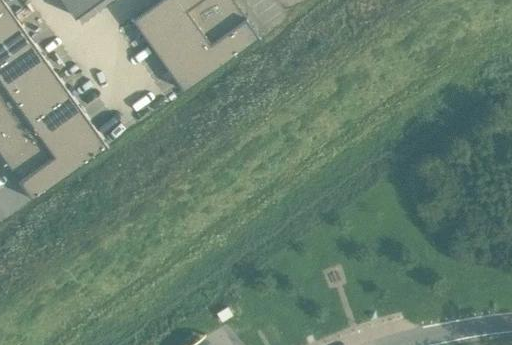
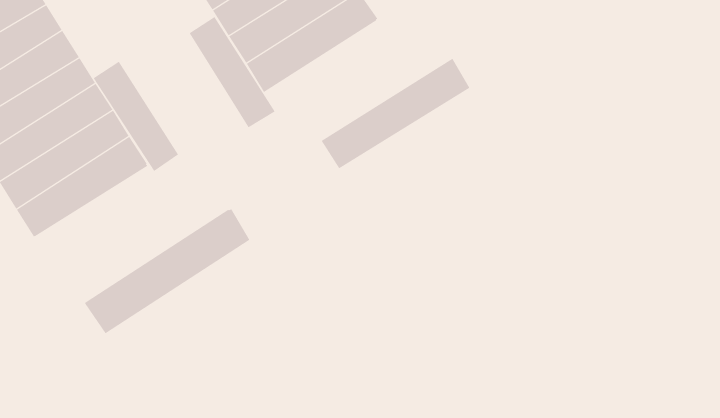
building: none -> [189,16,276,128]
building: none -> [321,58,470,169]
building: none -> [93,61,179,172]
building: none -> [84,208,250,334]

